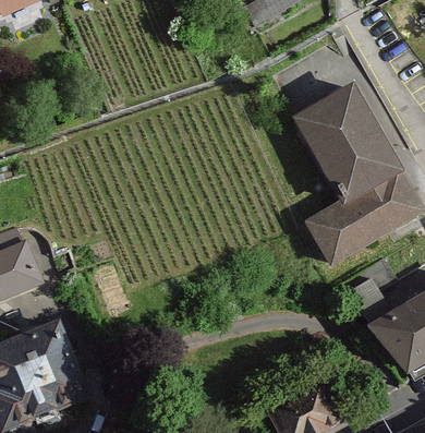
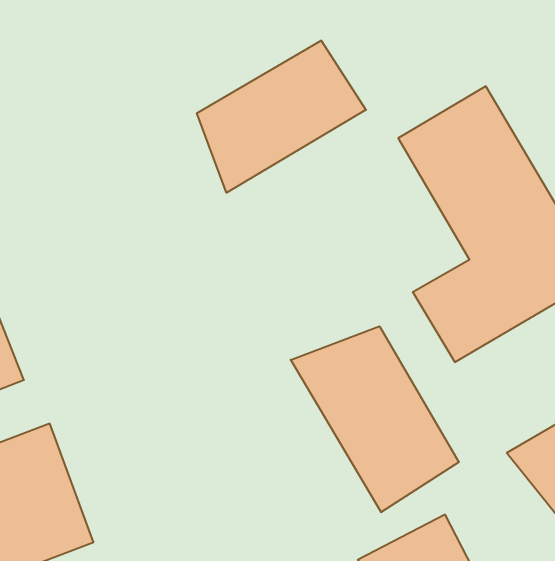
building: none -> [197,40,366,193]
building: none -> [291,326,459,512]

